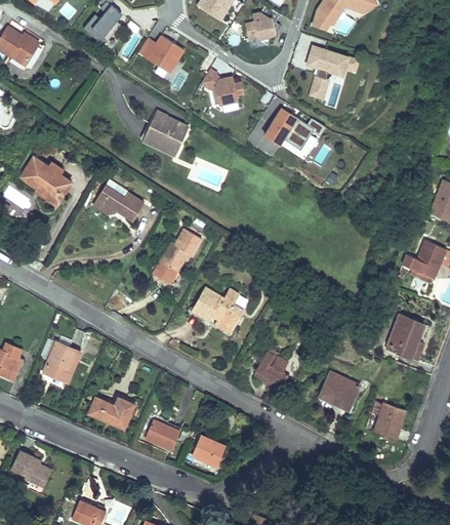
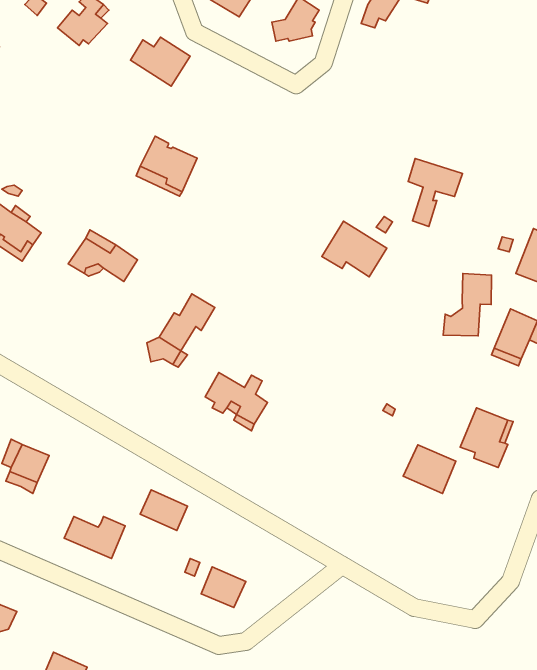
building: [308,46,349,97] -> [408,159,463,226]
building: [201,69,243,106] -> none
building: [264,108,314,150] -> [322,221,387,277]
building: none -> [443,273,491,336]
building: [254,351,295,390] -> none
building: [319,372,359,409] -> [403,445,456,494]
building: [374,402,405,438] -> none
building: [145,419,180,450] -> [140,490,188,531]

